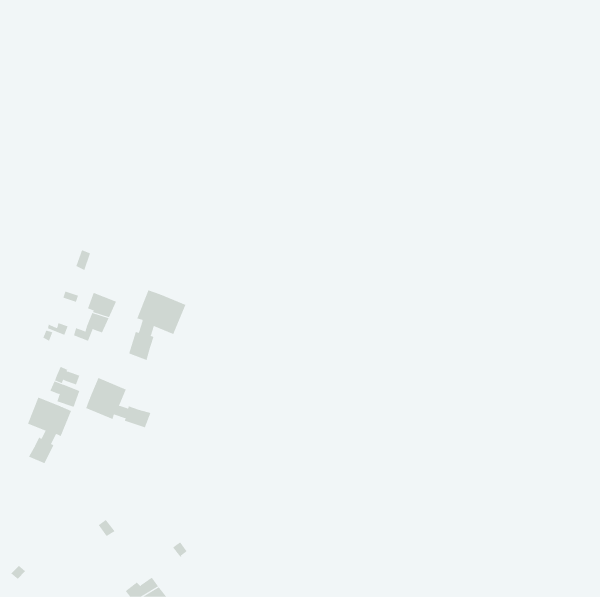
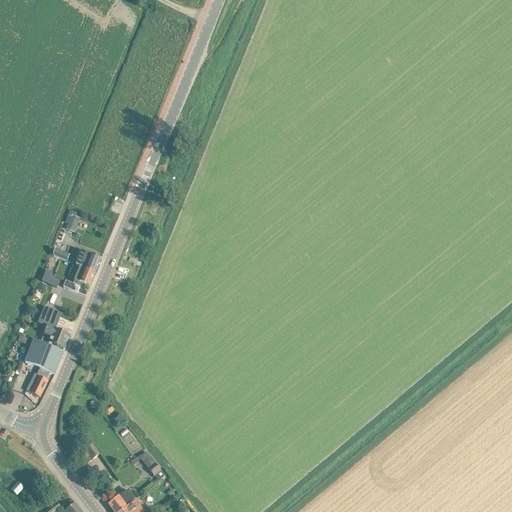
building: [128,289,186,361] -> none
building: [86,377,151,428] -> none

